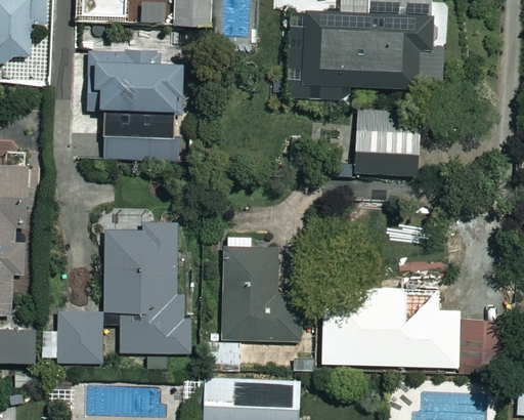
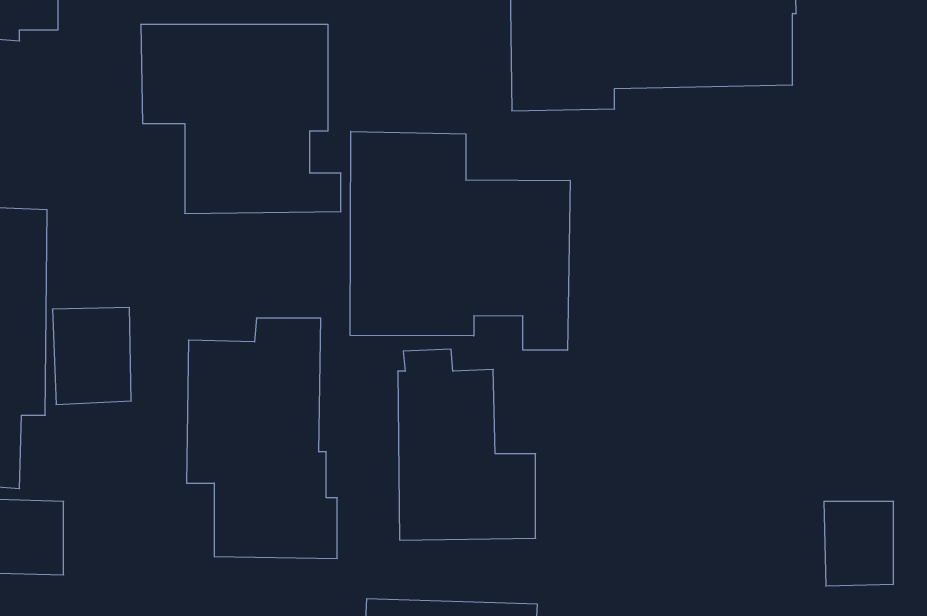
building: [354,109,422,175] -> none
building: none -> [350,131,570,350]
building: [336,288,443,368] -> none
building: [57,309,101,364] -> [52,307,131,405]

